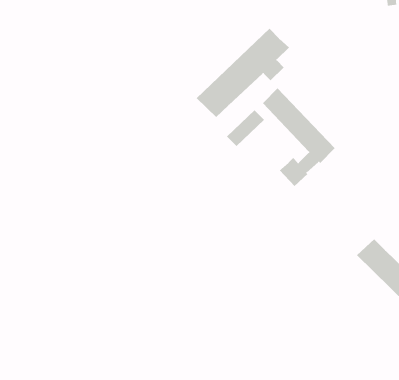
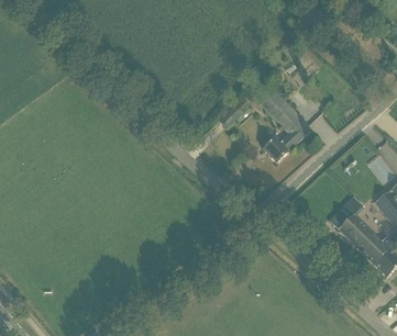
building: [196,28,290,118] -> none

